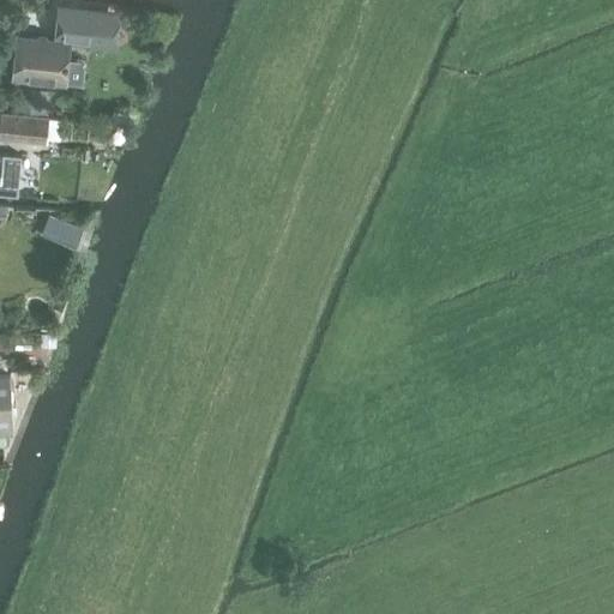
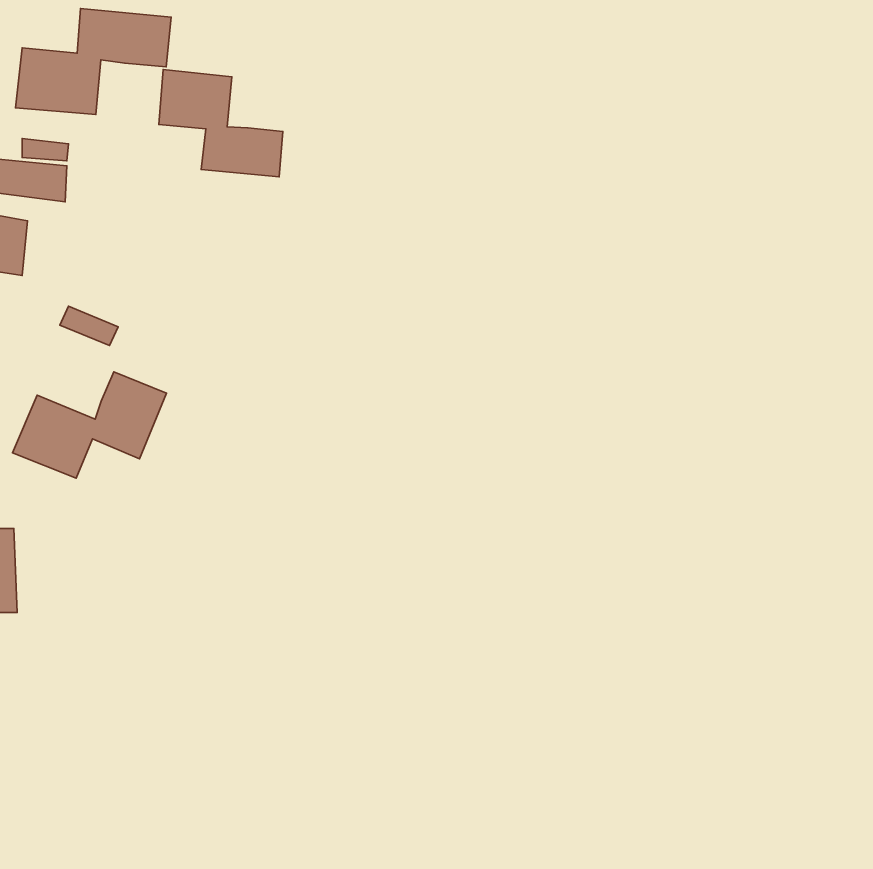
building: none -> [159,70,283,177]
building: none -> [12,372,166,478]

